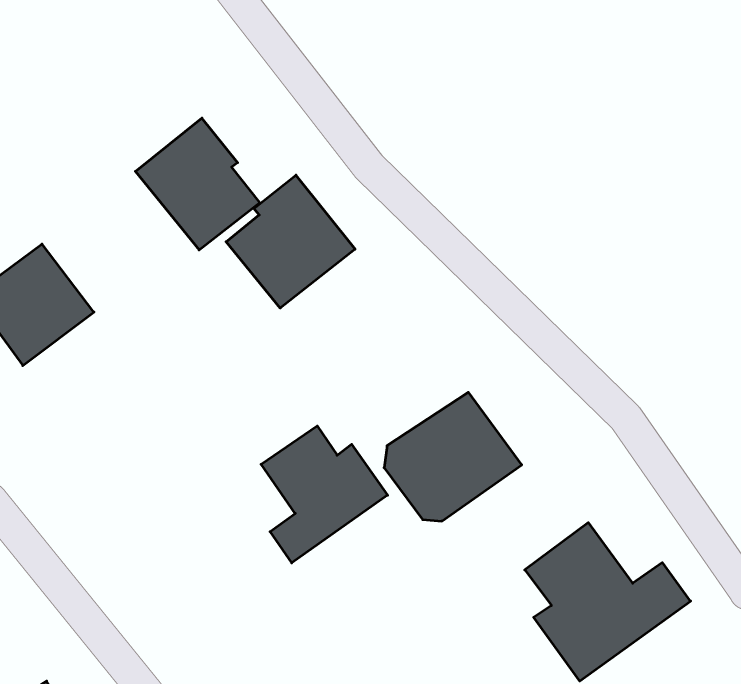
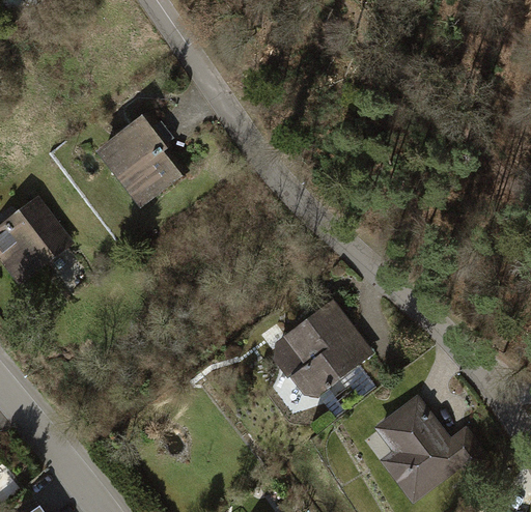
building: [226,175,355,308] -> none
building: [261,426,388,563] -> none

